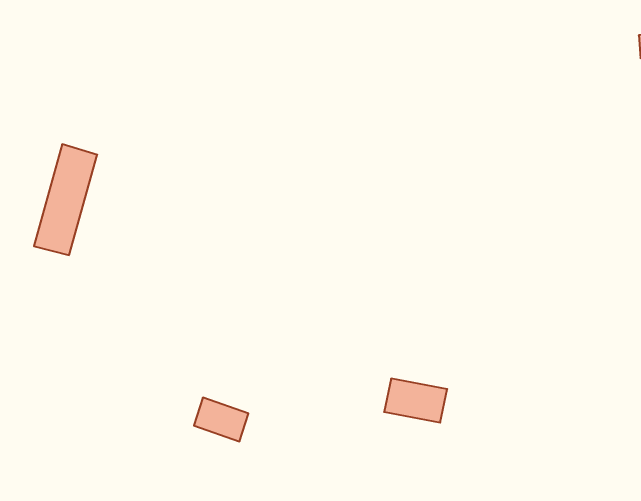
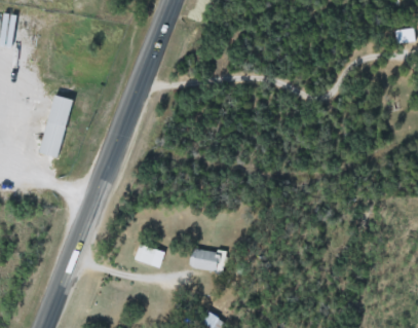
building: [384,379,447,423] -> [188,247,225,272]

